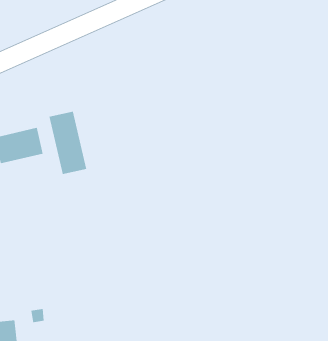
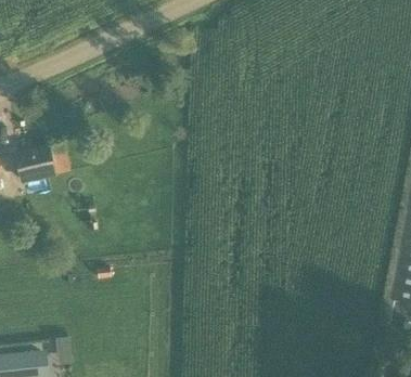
building: [49,111,87,175] -> none

